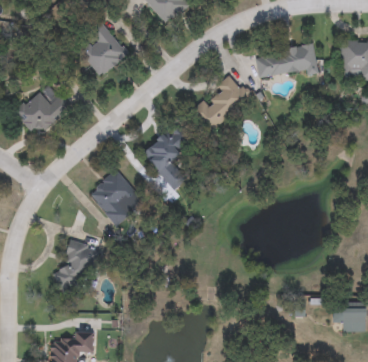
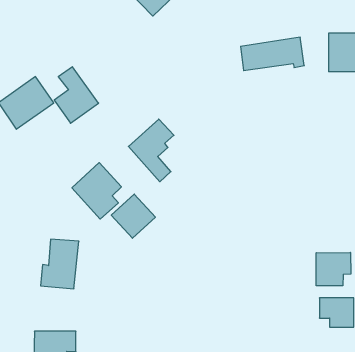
building: [82,19,126,75] -> [54,67,99,123]
building: [191,74,249,132] -> none
building: none -> [111,194,155,238]
building: none -> [316,252,351,286]

